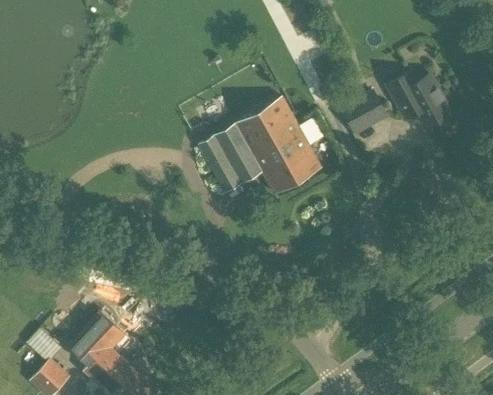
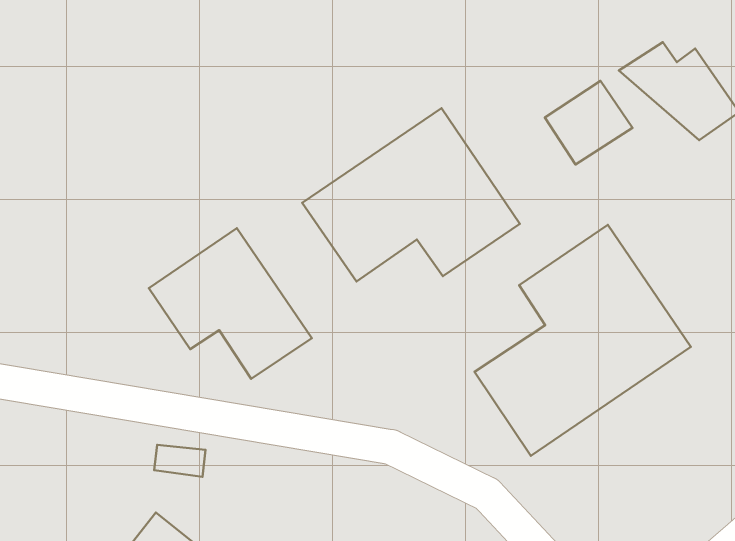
building: none -> [149,228,312,379]
building: none -> [475,225,691,456]

